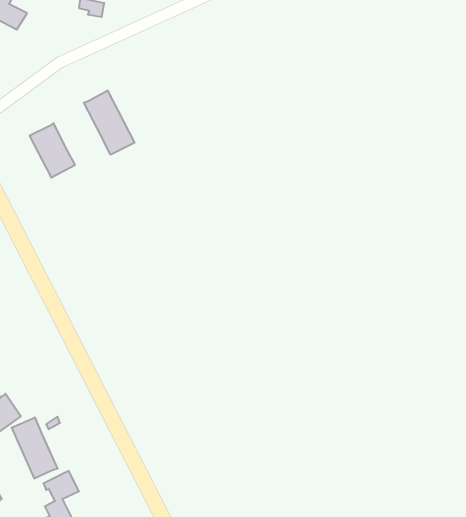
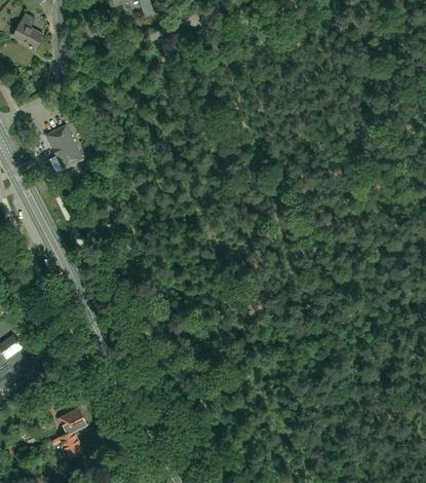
building: [84,91,135,155] -> none
building: [12,417,58,479] -> none

